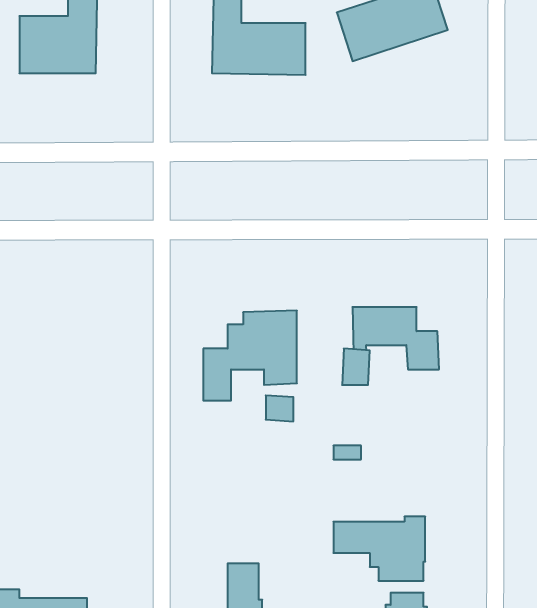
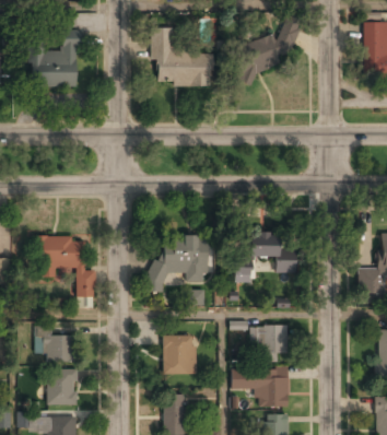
building: none -> [39,236,97,305]
building: none -> [250,325,288,361]
building: none -> [35,326,72,361]
building: none -> [162,334,197,373]
building: none -> [46,368,77,404]

